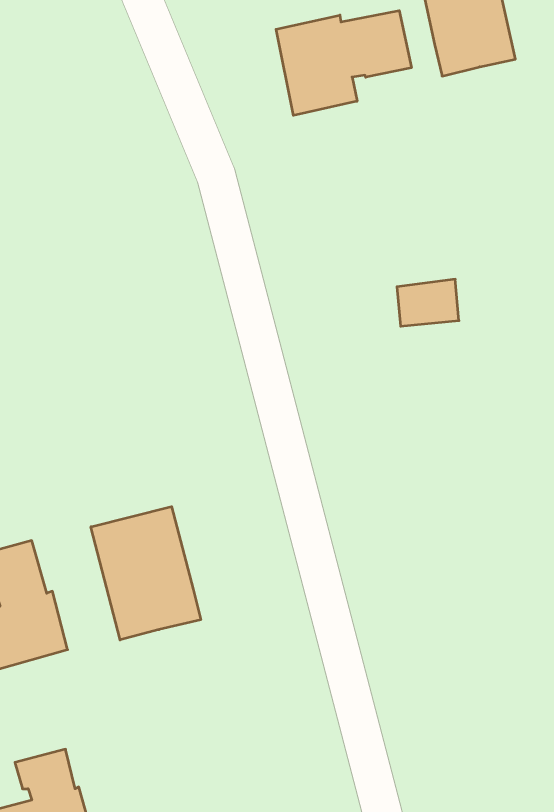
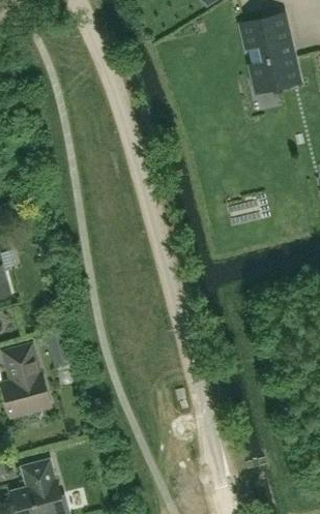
building: [276,11,411,115] -> none
building: [91,507,201,640] -> none

